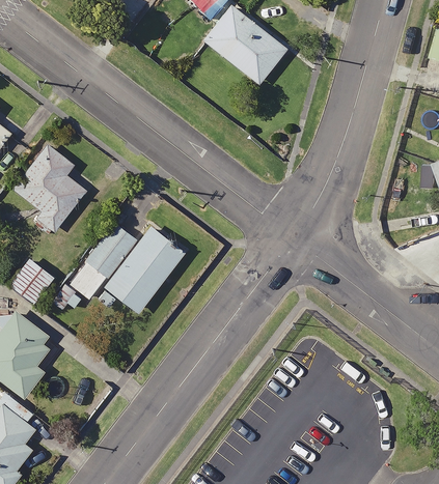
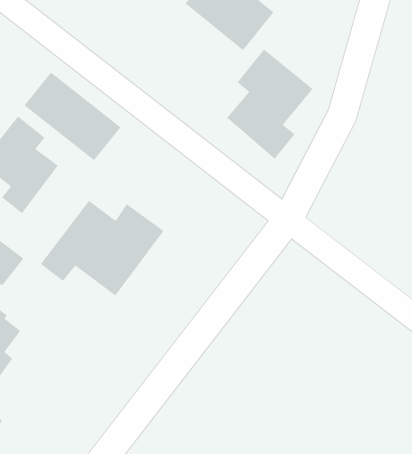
building: none -> [226,49,314,160]
building: none -> [23,72,121,161]

